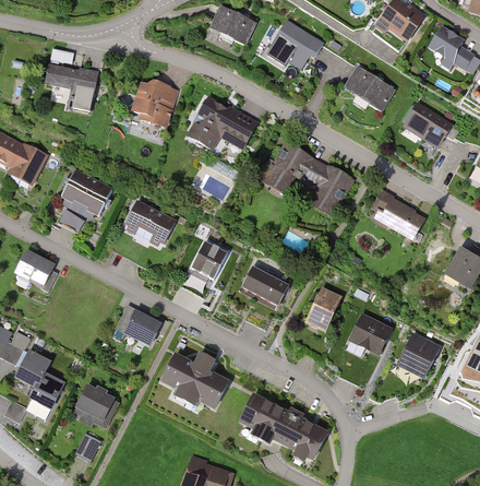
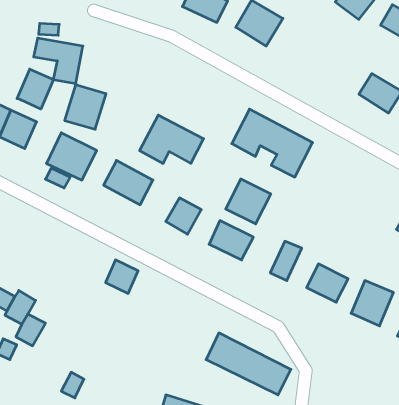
building: [344,66,395,110] -> none
building: [132,80,178,129] -> [65,85,106,129]
building: [188,96,259,150] -> [140,115,204,163]
building: none -> [17,69,53,109]
building: [367,189,425,240] -> none
building: none -> [226,179,271,224]
building: [15,249,52,286] -> none
building: [159,352,228,408] -> none
building: [74,384,119,427] -> none

